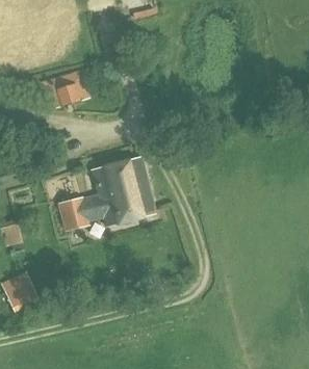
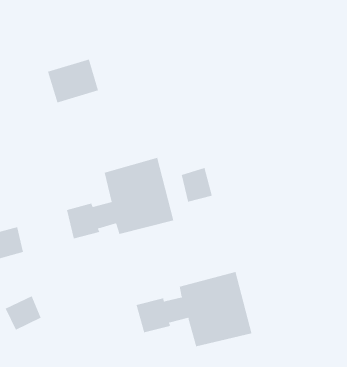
building: none -> [181,167,212,202]
building: none -> [136,271,252,347]

